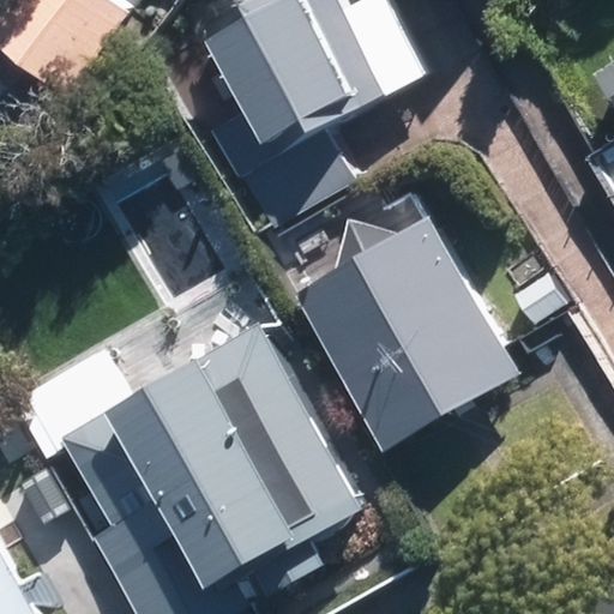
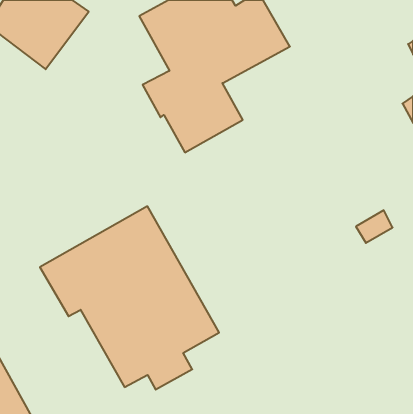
building: [293,211,523,449] -> none

